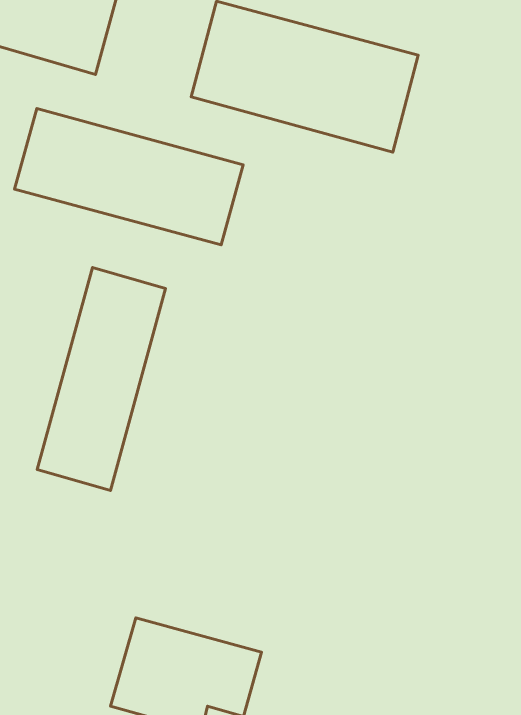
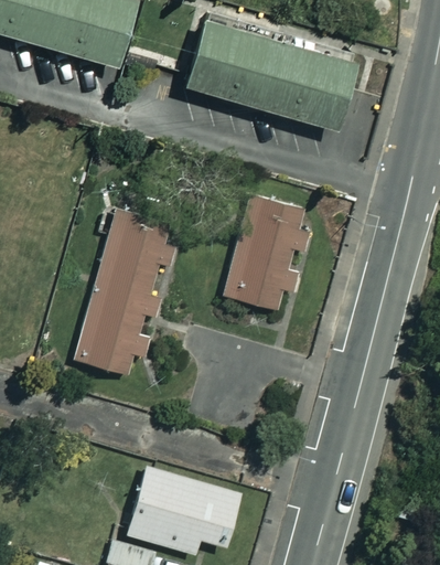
building: [14,108,243,245] -> none
building: none -> [223,193,309,312]

